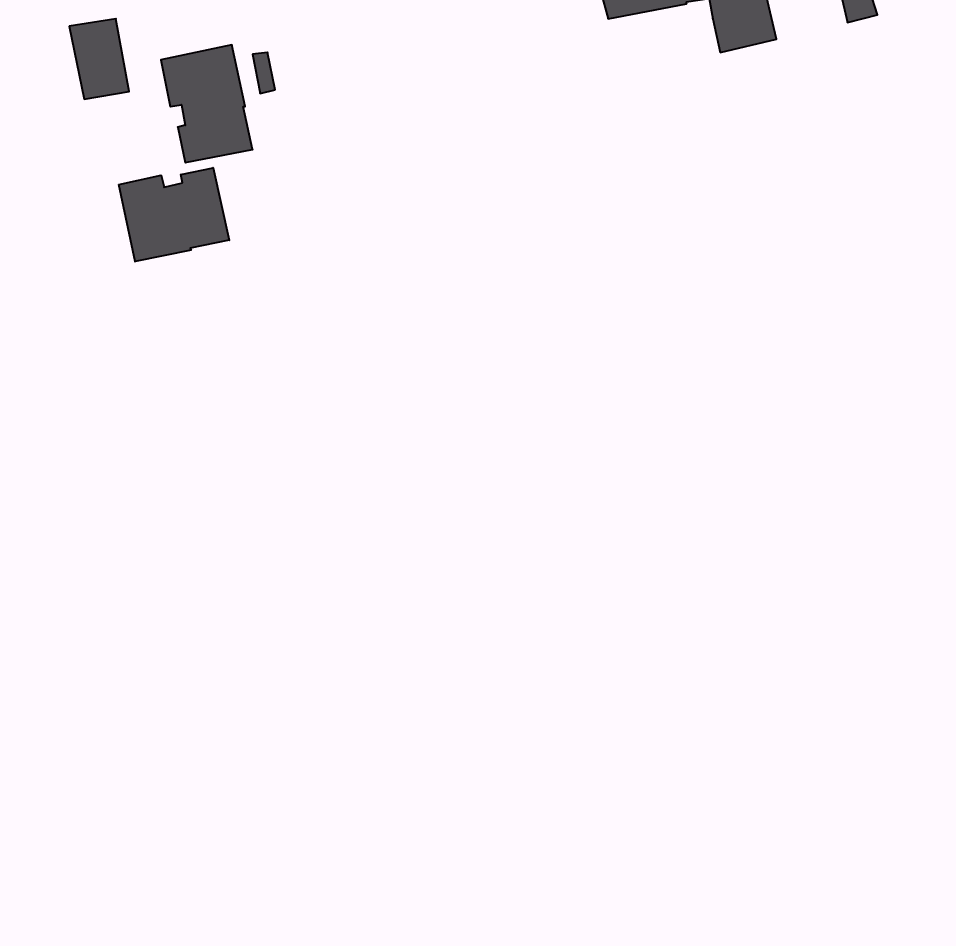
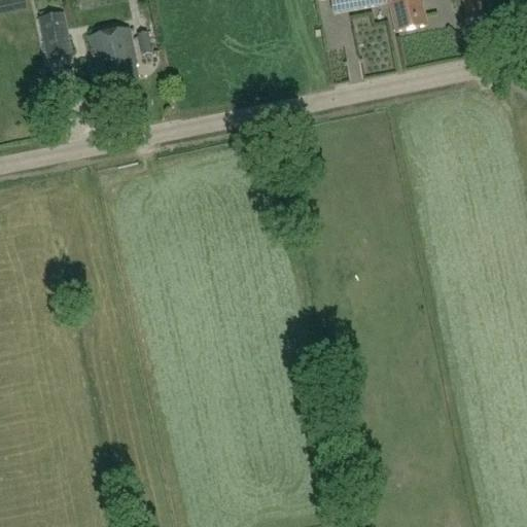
building: [119,168,229,262] -> none

